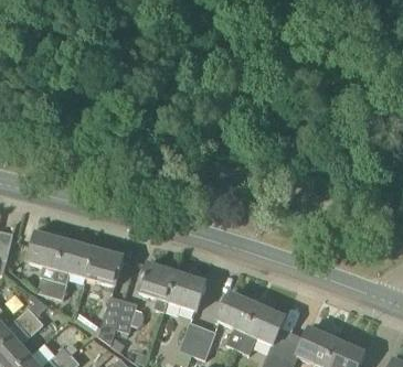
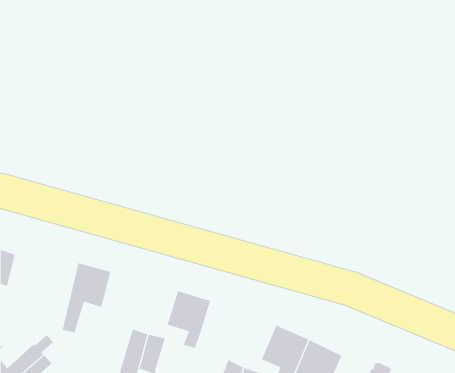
building: [28,233,65,296] -> none
building: [85,248,124,285] -> none
building: [167,272,205,311] -> none

